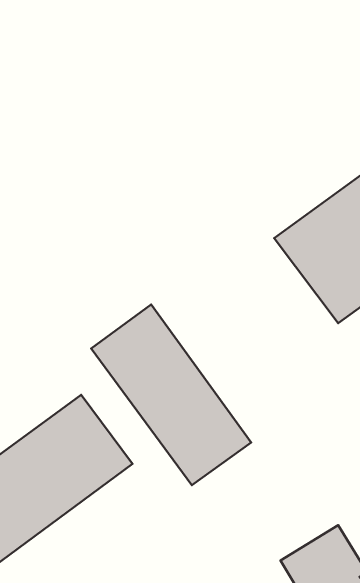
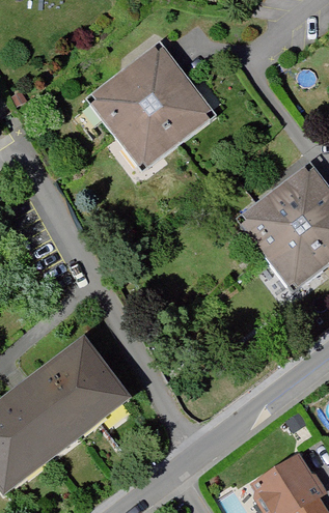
building: none -> [88,39,217,168]
building: [91,305,251,485] -> none

